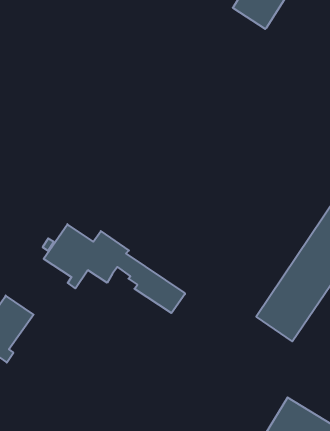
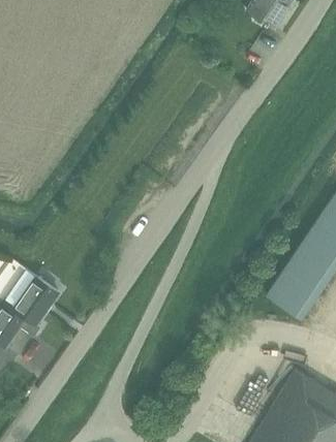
building: [44,224,185,313] -> none

